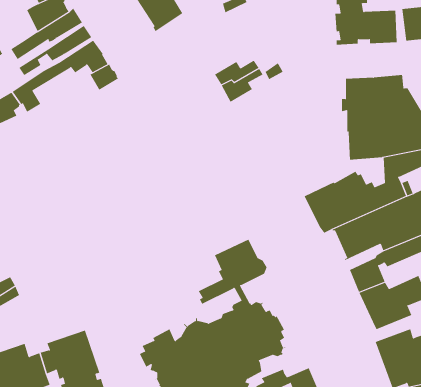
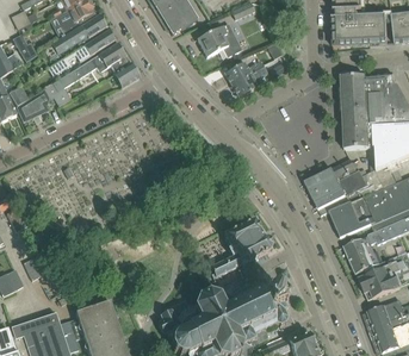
building: none -> [197,23,241,57]

